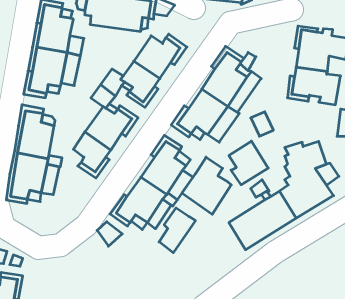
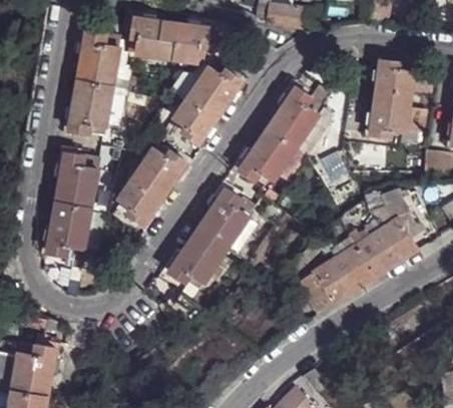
building: [229,141,268,185] -> none
building: [182,157,231,214] -> none
building: [159,208,195,253] -> none

